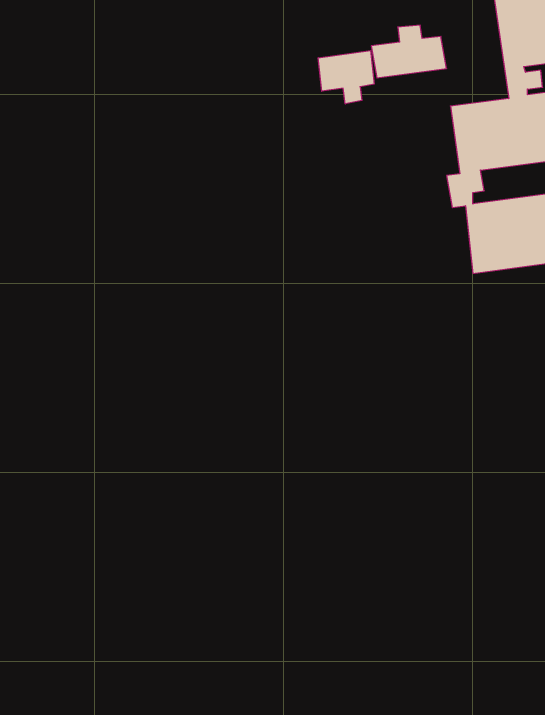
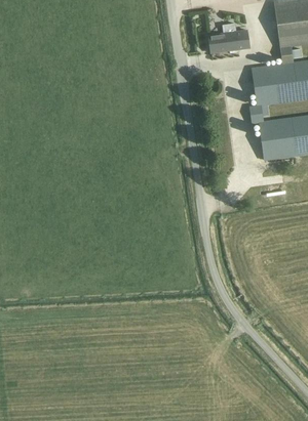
building: [318,51,374,104] -> none

